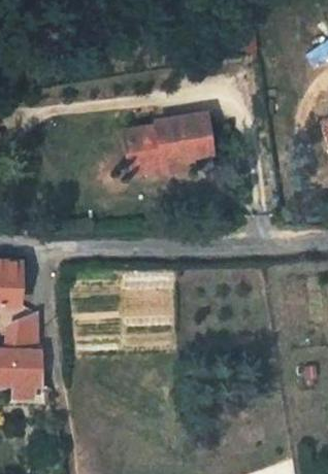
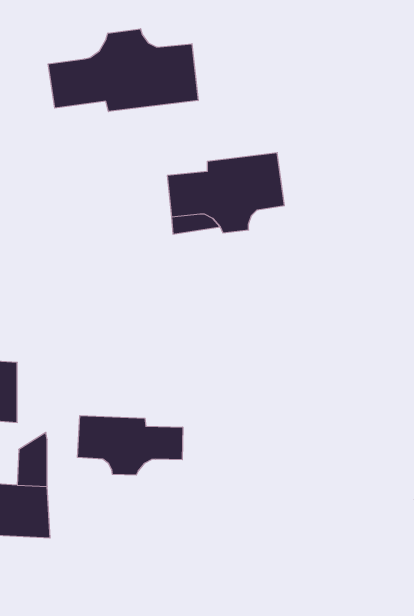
building: none -> [48,29,198,112]
building: none -> [78,416,183,475]

